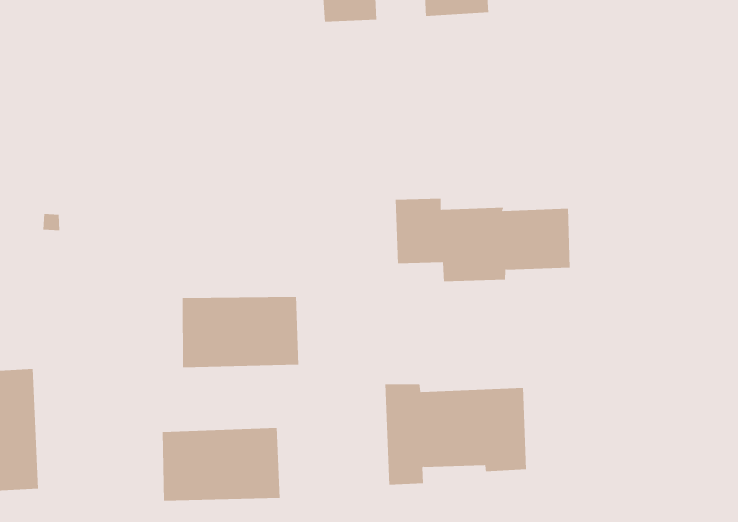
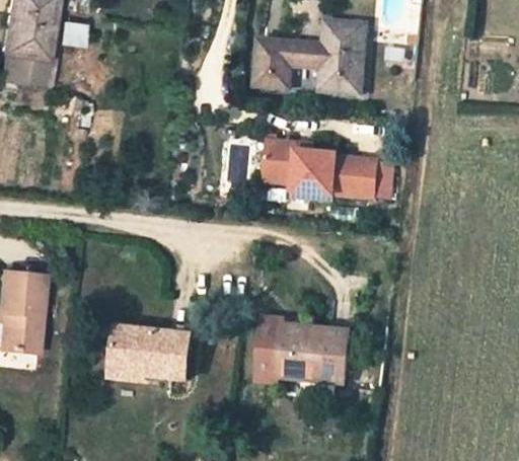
building: [395,198,570,282] -> [270,135,382,195]
building: [182,296,299,368] -> none

